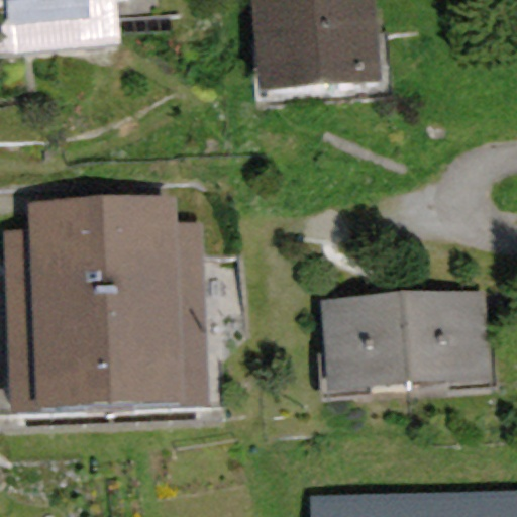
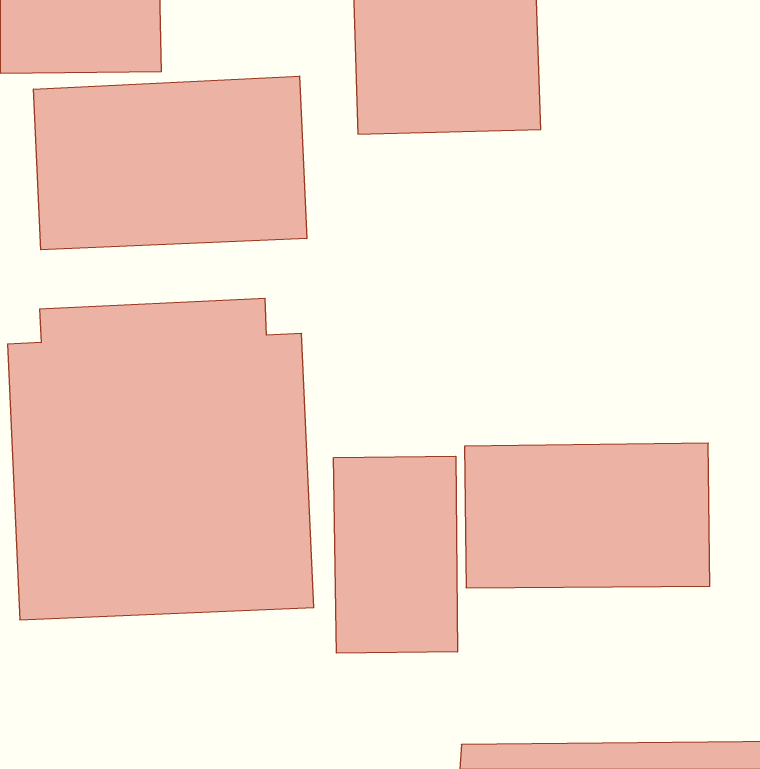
building: none -> [34,76,307,250]
building: none -> [334,456,457,653]

